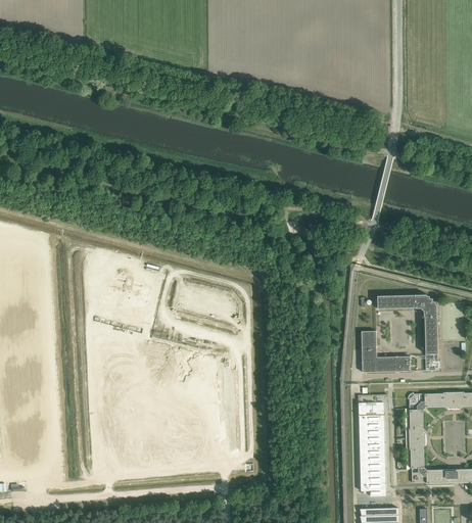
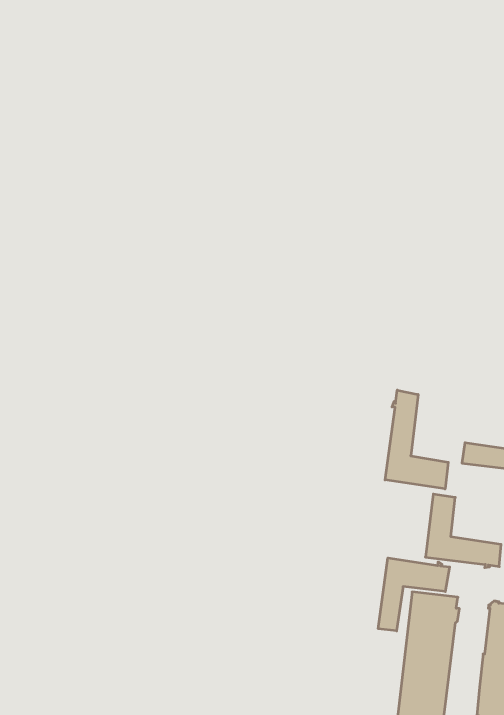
building: none -> [385,390,448,489]
building: none -> [378,558,450,631]

